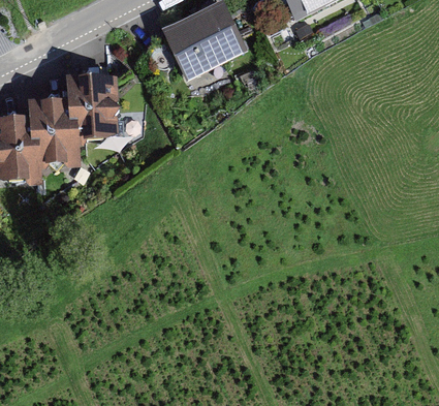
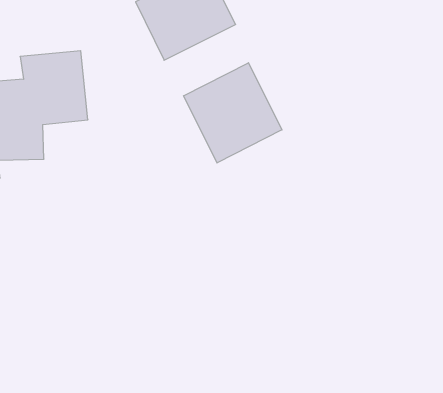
building: none -> [184,63,282,163]

